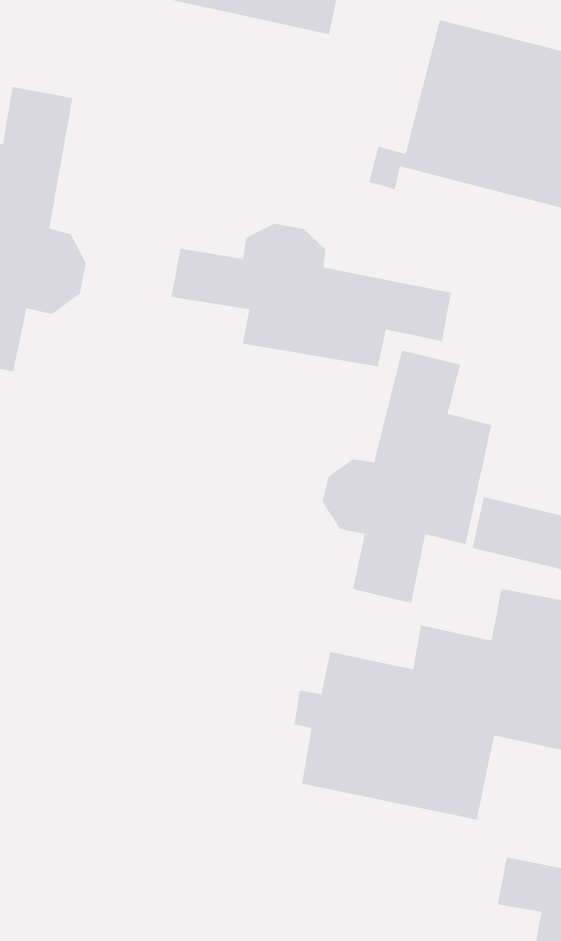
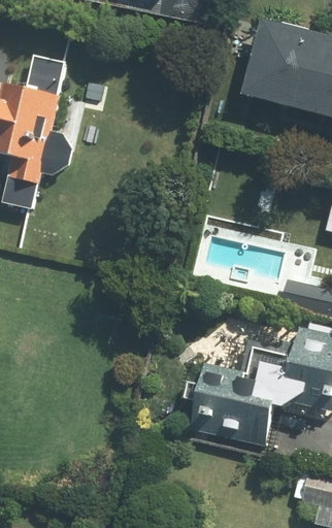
building: [171,223,452,367] -> none
building: [322,350,492,604] -> none

